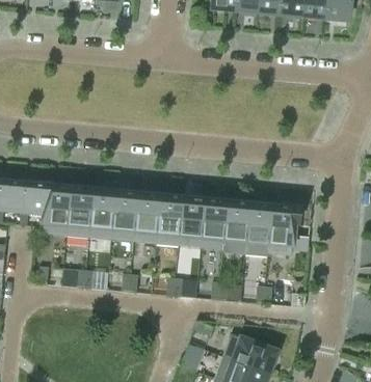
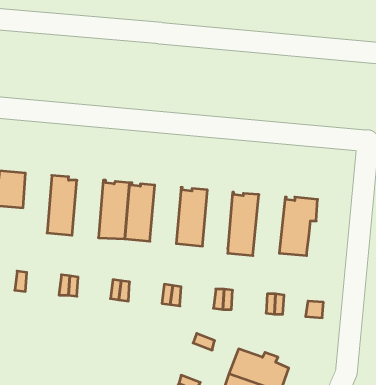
building: [44,184,71,236] -> none
building: [88,188,115,240] -> none
building: [156,194,183,245] -> none
building: [202,198,228,249] -> none
building: [245,202,273,257] -> none

